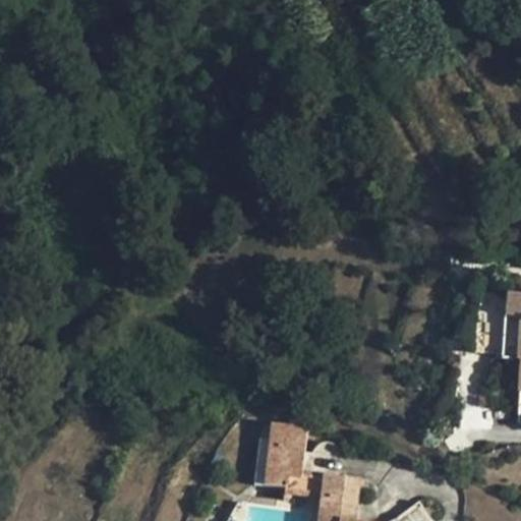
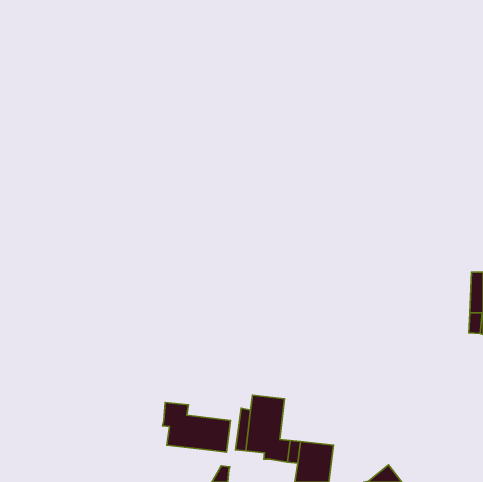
building: none -> [162,403,230,452]

